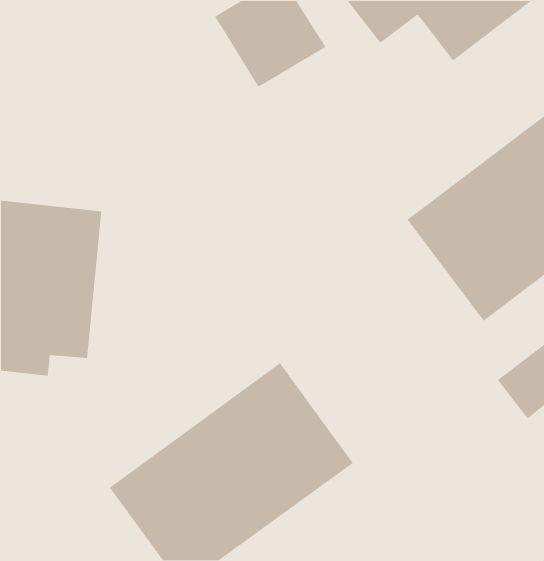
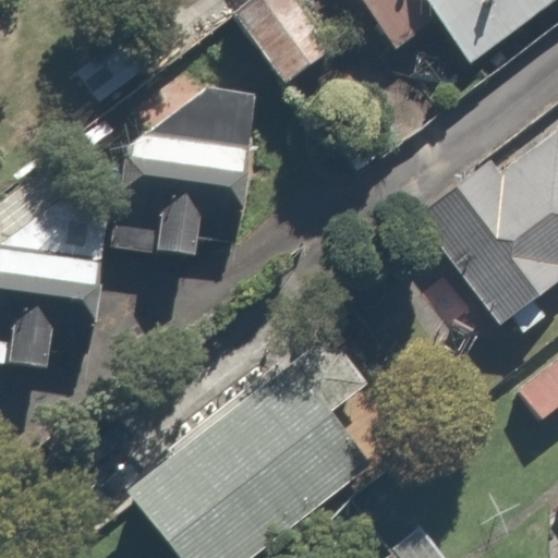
building: none -> [118,74,259,256]

